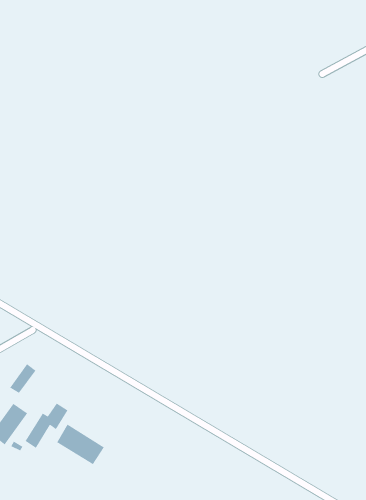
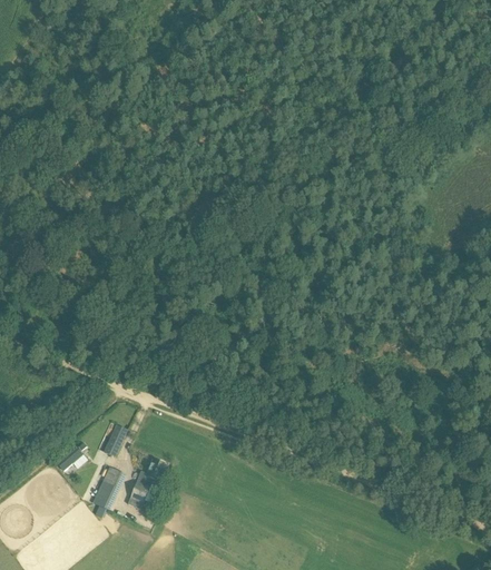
building: [56,423,105,465] -> none

